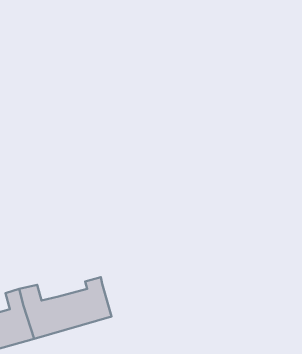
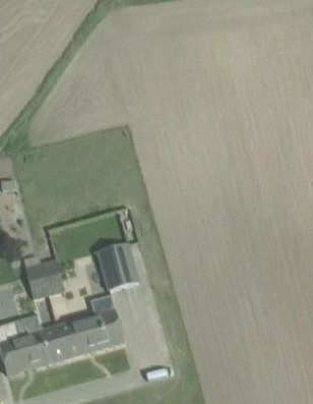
building: none -> [97,242,139,290]
building: none -> [25,261,69,299]

